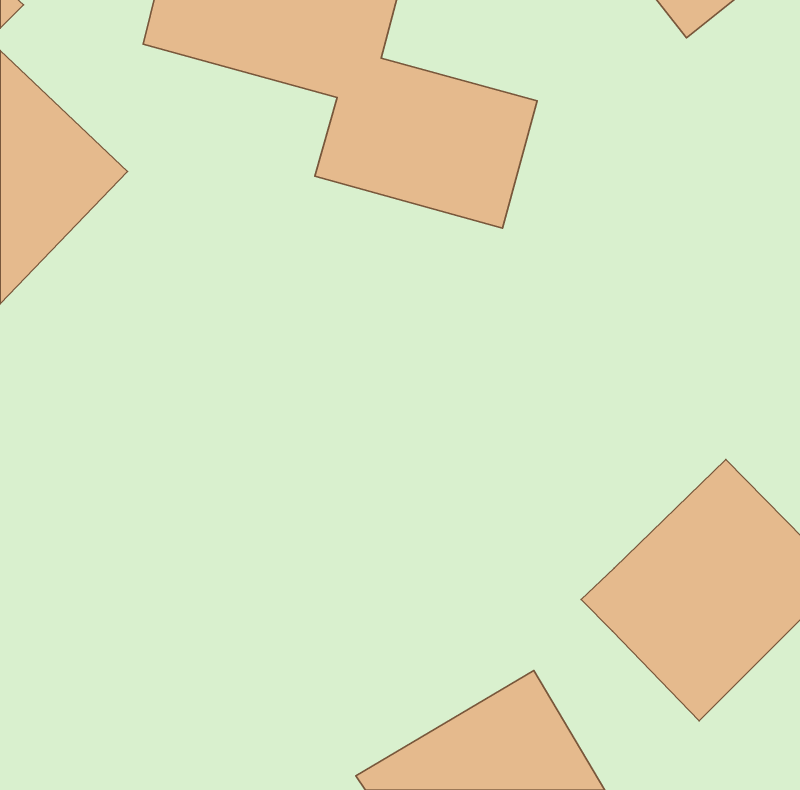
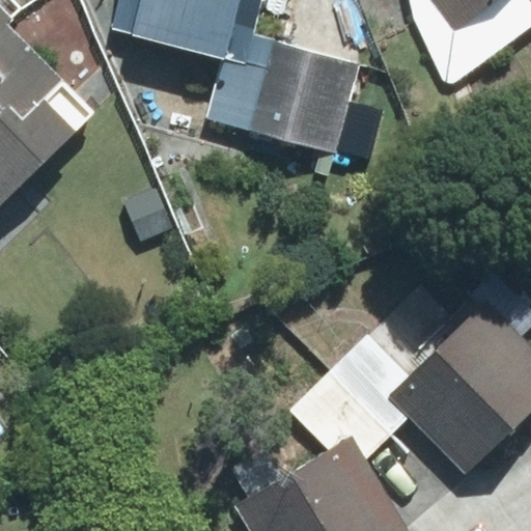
building: none -> [294,333,408,451]

